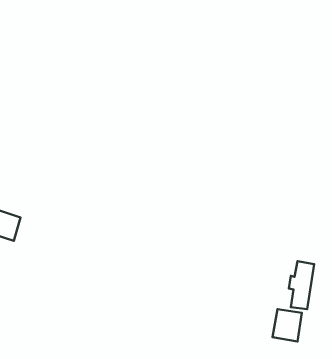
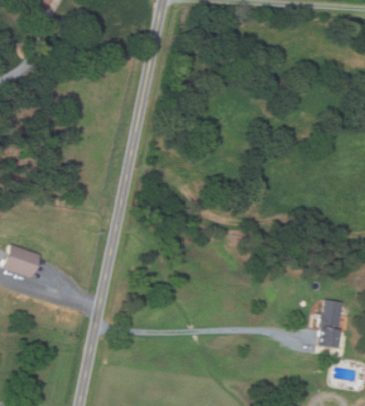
building: [273,309,302,341] -> none

